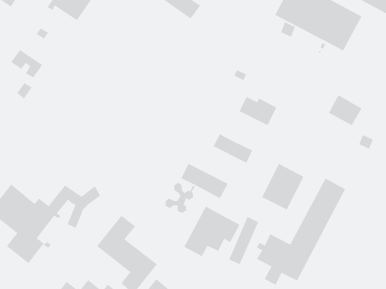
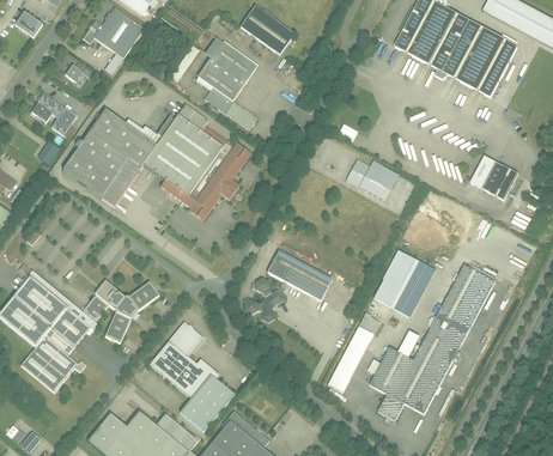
building: none -> [199,38,257,128]
building: none -> [63,109,248,219]
building: [213,133,253,164] -> none
building: [183,206,240,257] -> none

